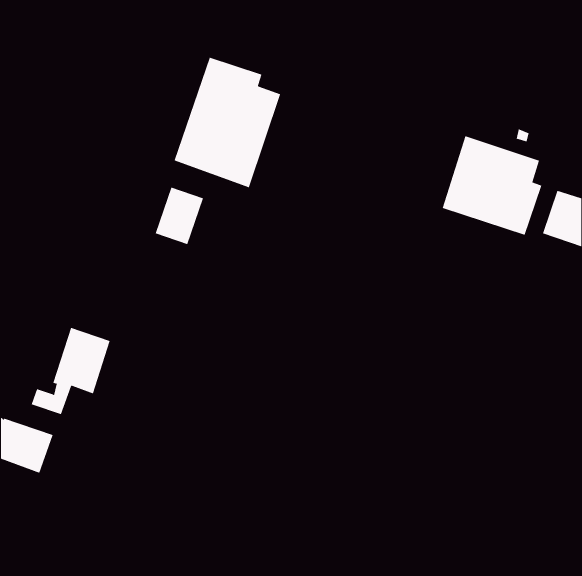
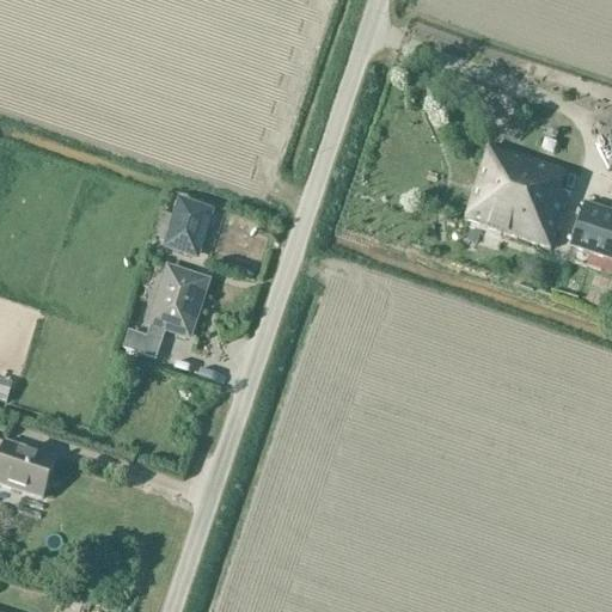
building: [174,57,281,188] -> none
building: [31,327,111,415] -> [123,264,207,356]

